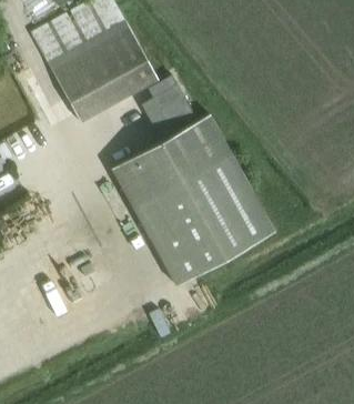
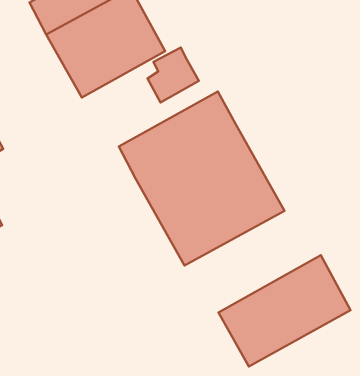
building: none -> [219,255,350,366]

